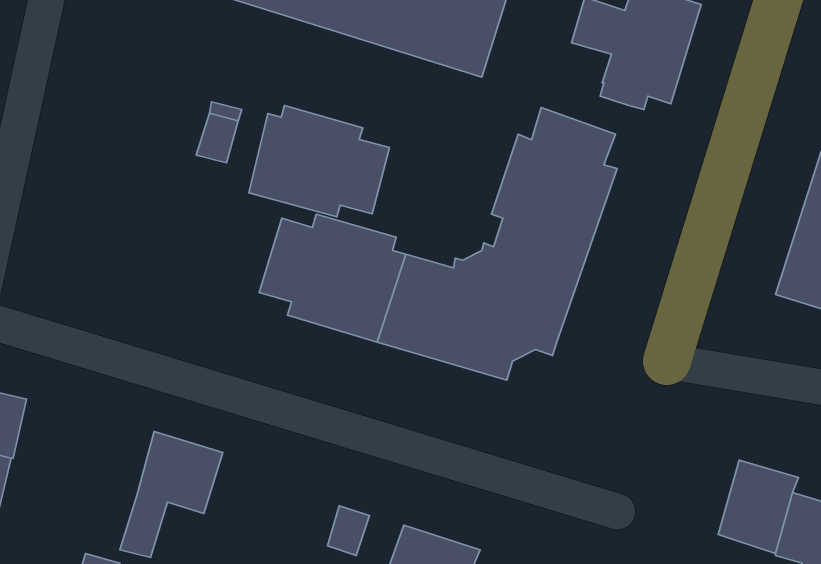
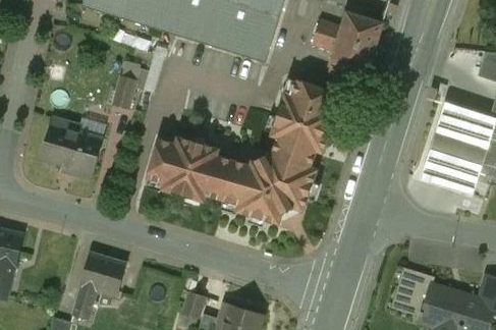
building: [249,106,390,217] -> none
building: none -> [40,116,103,178]

